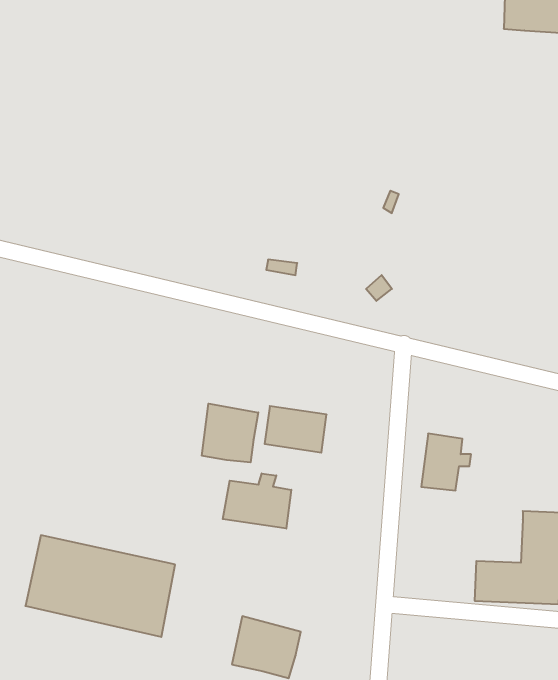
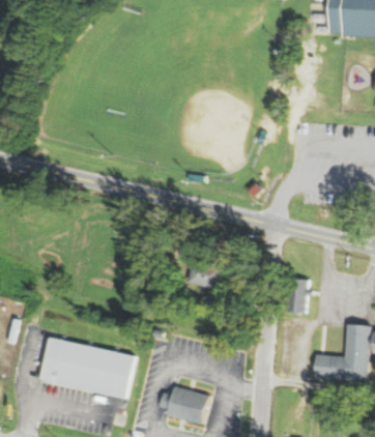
building: [202,404,258,462] -> none
building: [223,473,291,529] -> none

